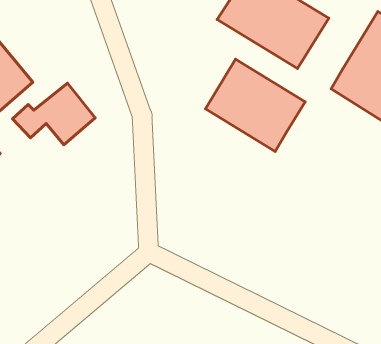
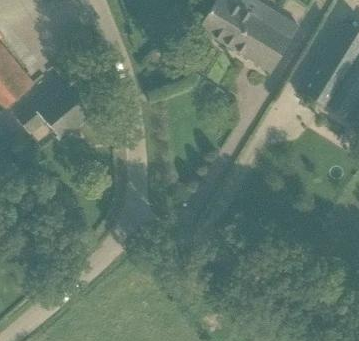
building: [205,59,305,151] -> none

